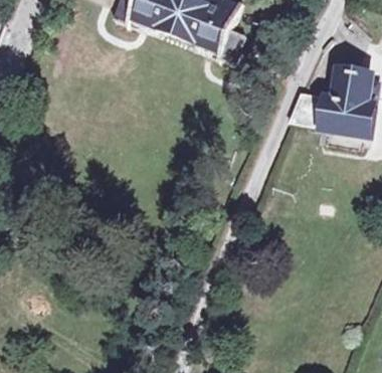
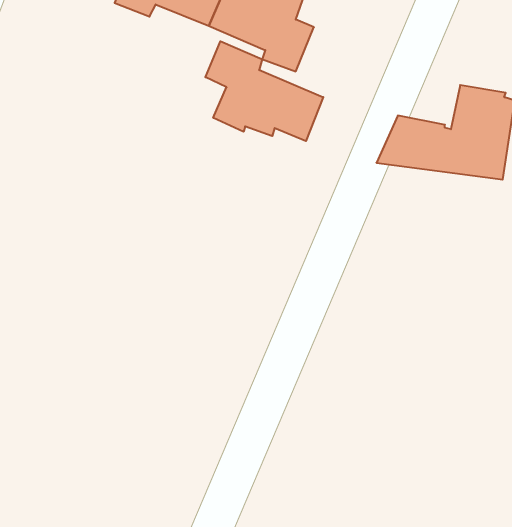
building: none -> [205,41,323,141]

